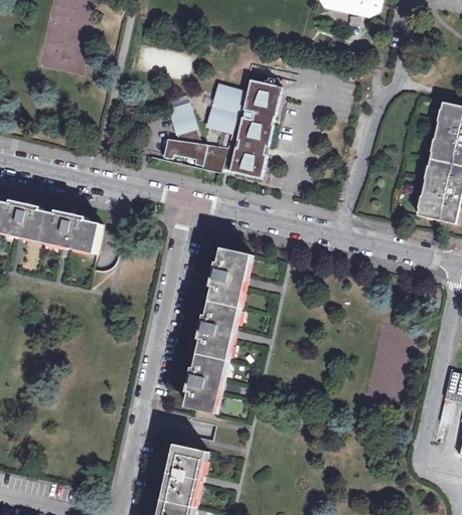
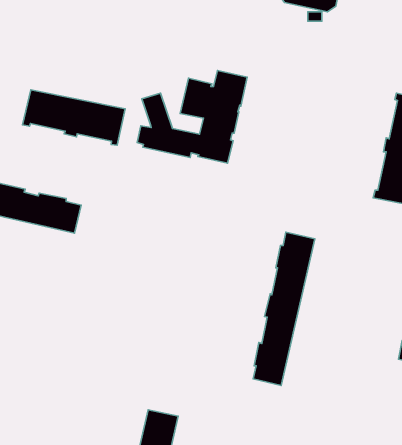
building: none -> [23,90,125,145]
building: [185,247,252,412] -> [253,232,315,385]

